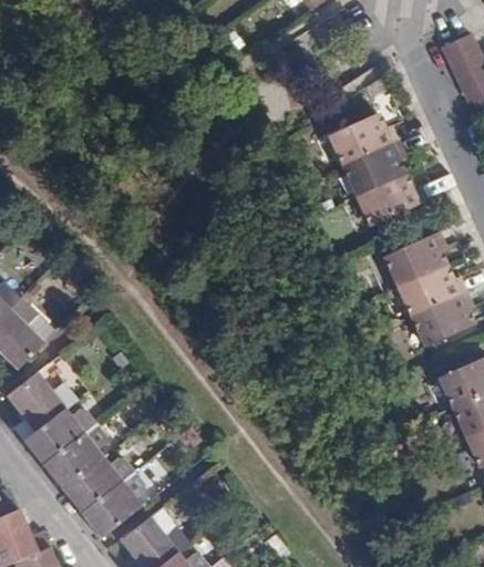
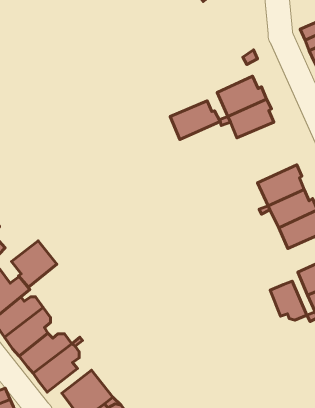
building: [357,174,424,226] -> [170,101,220,140]
building: none -> [11,241,57,287]
building: none -> [270,281,307,320]

